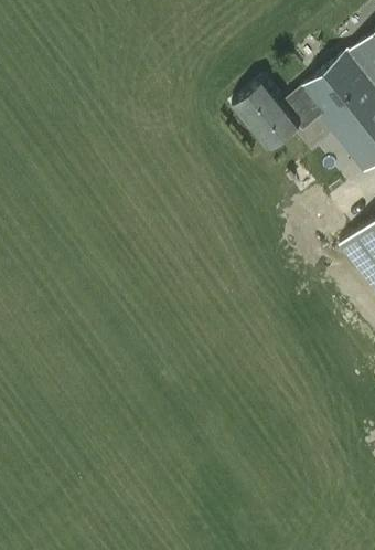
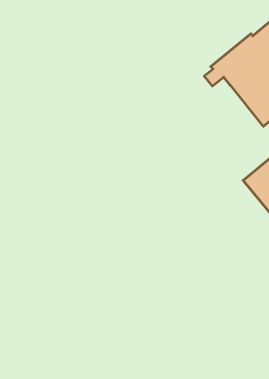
building: [239,82,321,147] -> none

